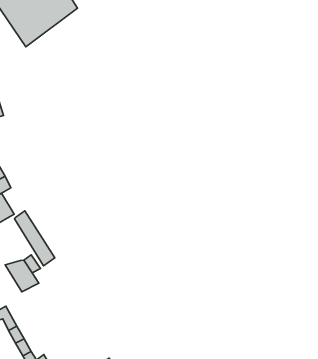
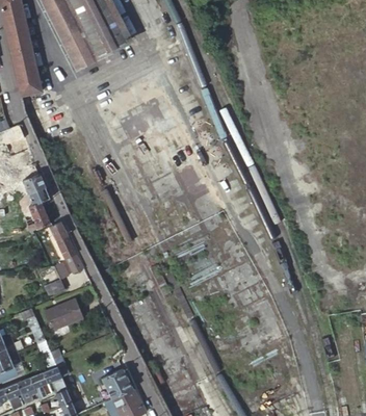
building: none -> [45,300,83,331]

